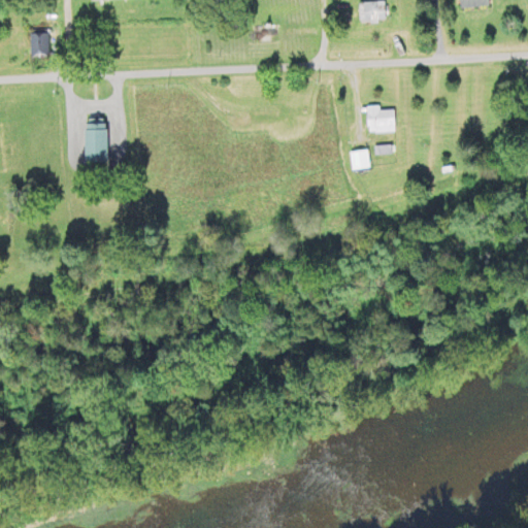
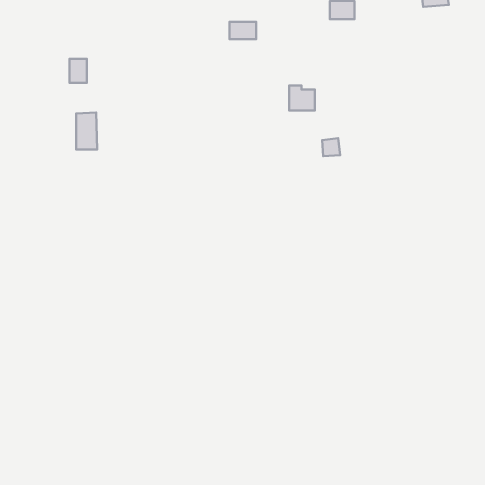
building: [30,31,48,57] -> [70,59,87,83]
building: [367,105,395,132] -> [289,86,315,110]

